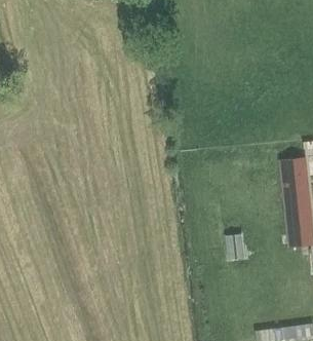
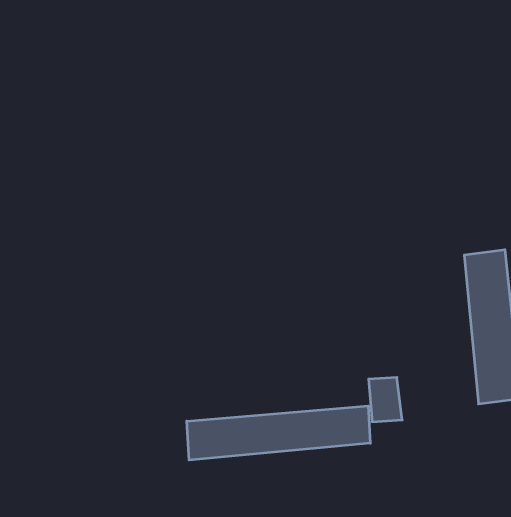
building: none -> [187,406,370,460]

